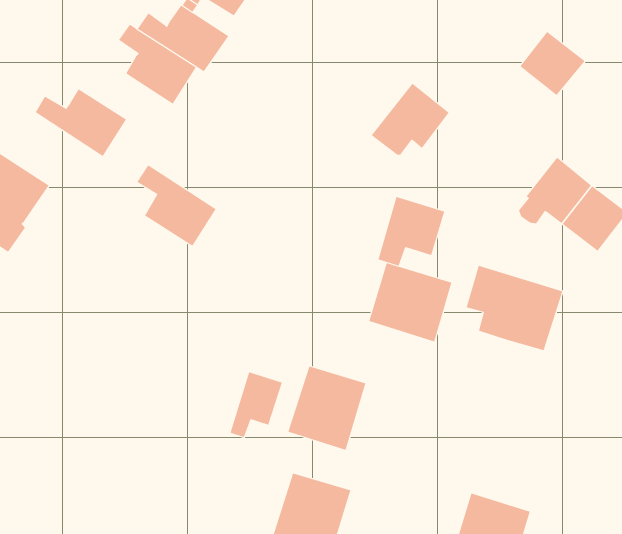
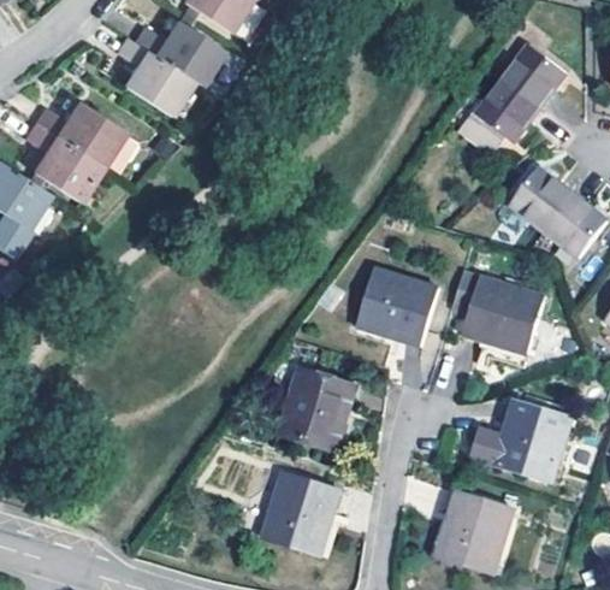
building: [371,83,449,155] -> [463,78,539,148]
building: [137,164,216,246] -> [24,123,101,202]
building: [378,196,445,266] -> none
building: [230,371,282,438] -> none
building: none -> [472,400,571,482]

